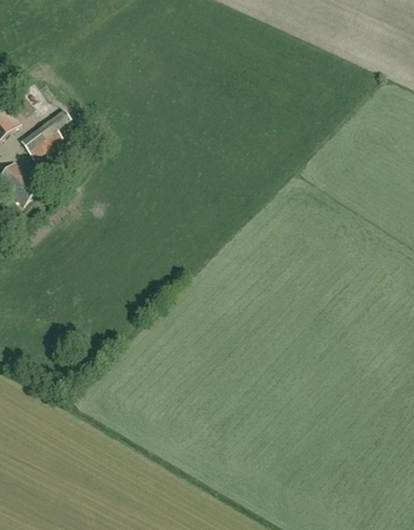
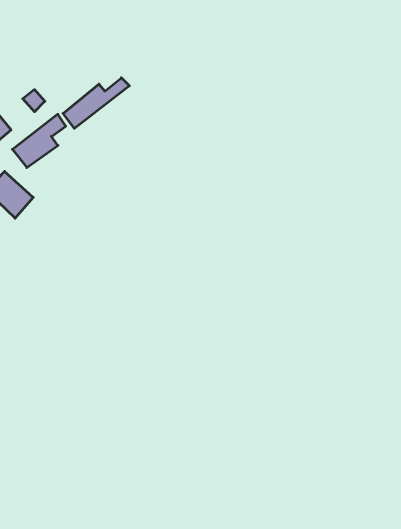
building: none -> [63,78,129,128]

